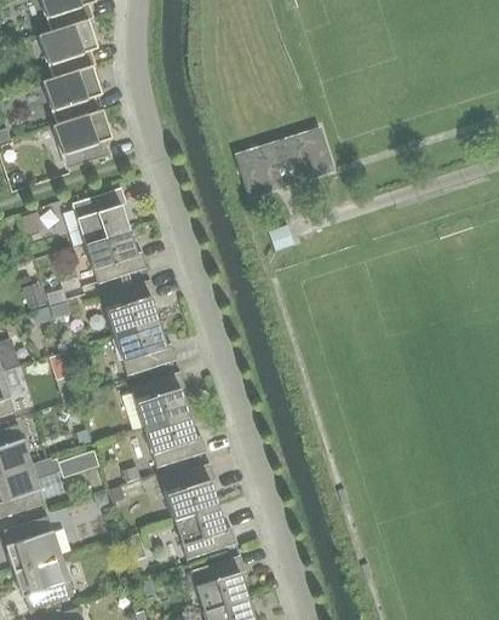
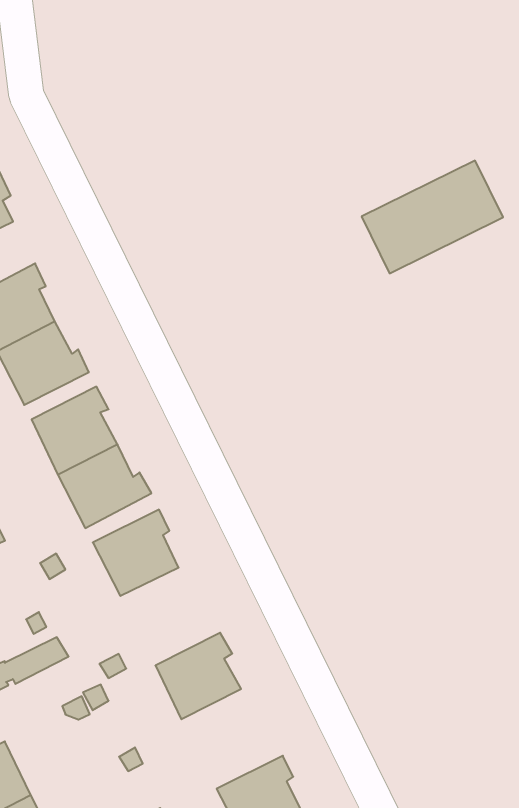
building: [235,127,333,196] -> [362,161,503,273]
building: [144,413,206,466] -> none
building: [173,504,236,558] -> none

